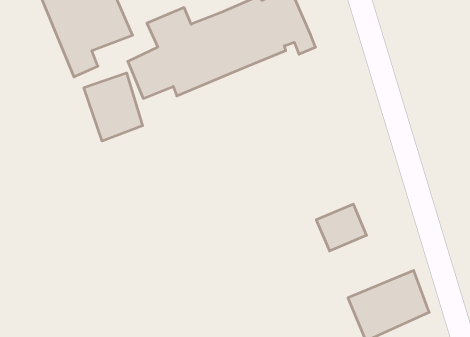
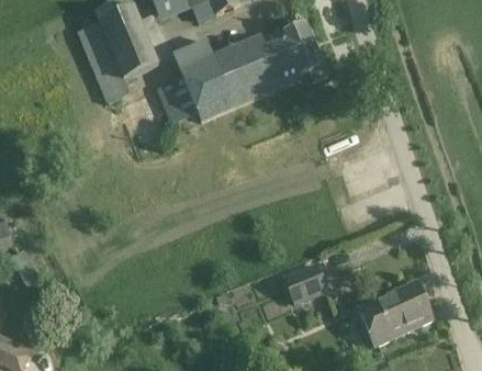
building: [84,73,143,141] -> none
building: [316,204,367,251] -> [283,261,329,304]

